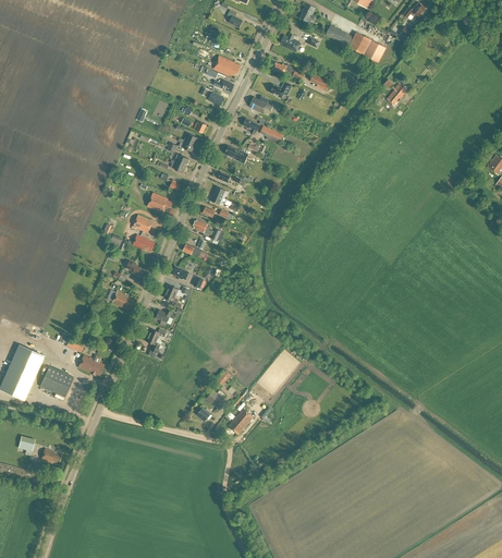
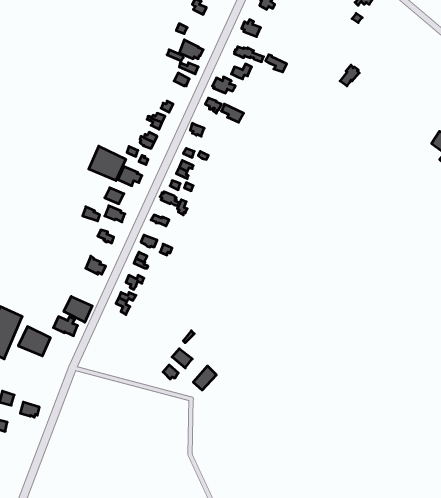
building: [326,24,387,62] -> none
building: none -> [89,146,126,181]
building: none -> [64,296,92,322]

